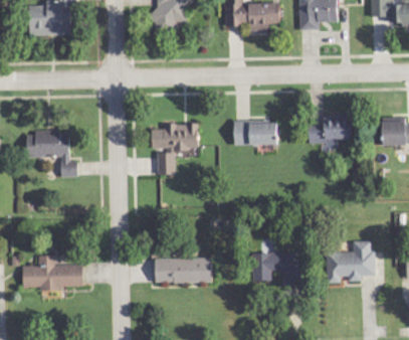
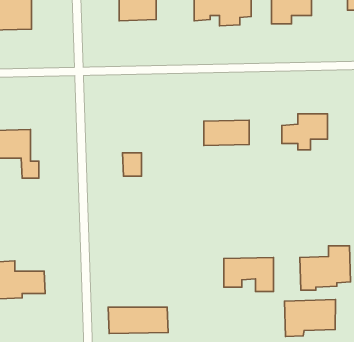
building: [152,123,199,150] -> none
building: [155,258,212,283] -> [108,307,168,334]
building: none -> [284,299,336,336]

